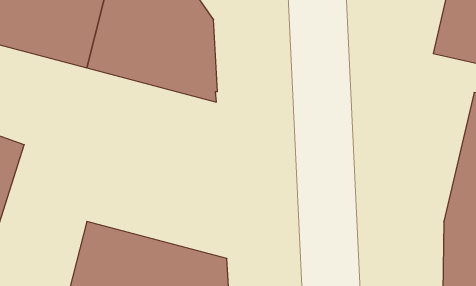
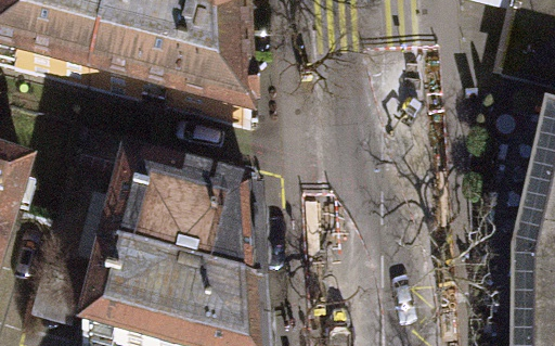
building: none -> [103,170,263,304]

